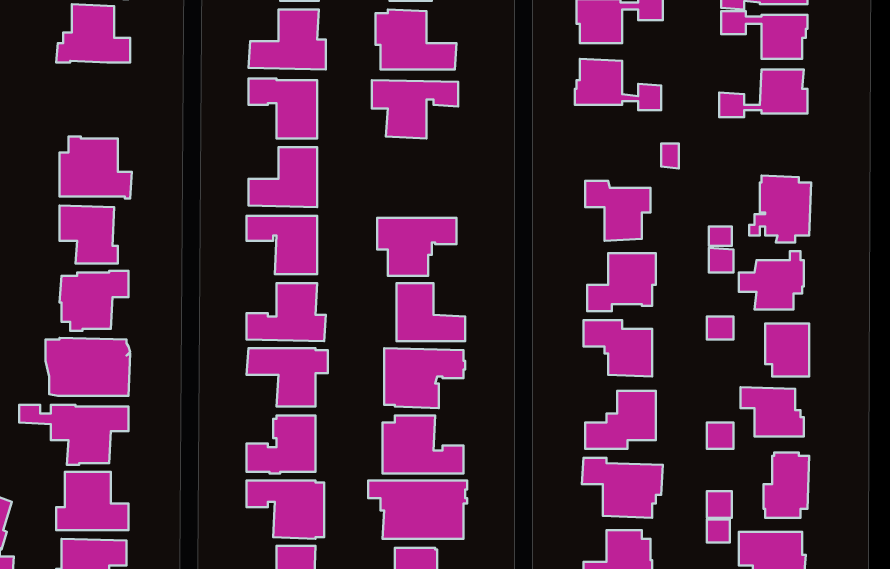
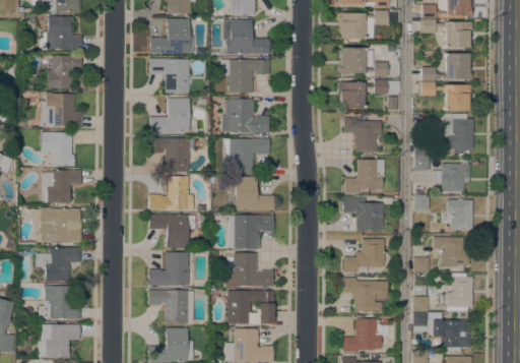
building: none -> [47,55,81,88]
building: none -> [337,80,399,108]
building: none -> [420,83,470,111]
building: none -> [221,100,268,133]

